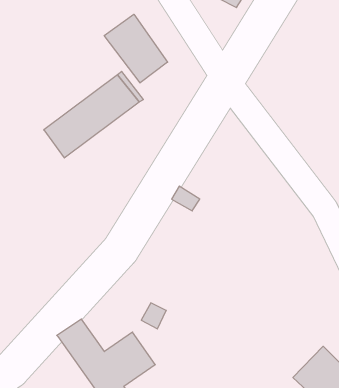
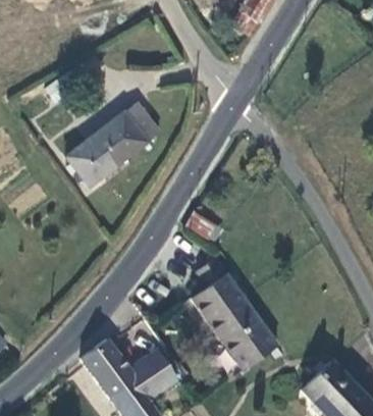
building: [104,14,168,83] -> none
building: none -> [190,254,278,366]

